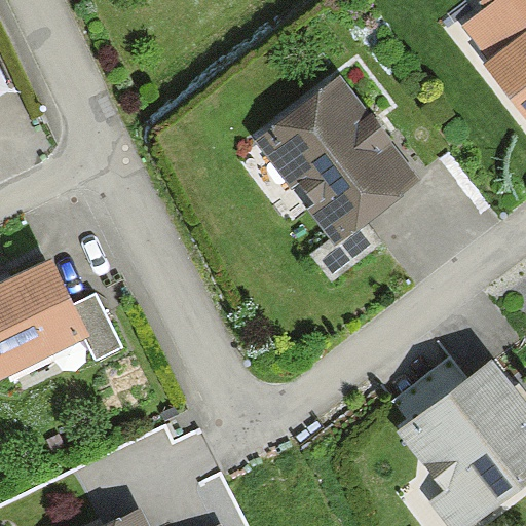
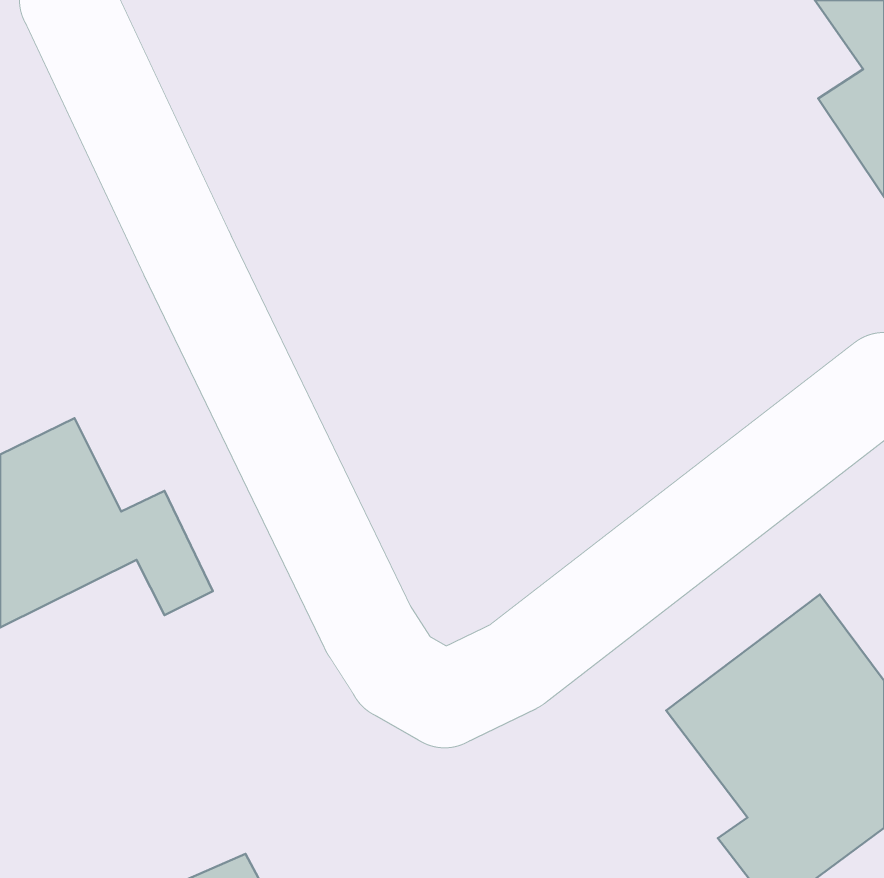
building: [252,72,416,285] -> none

